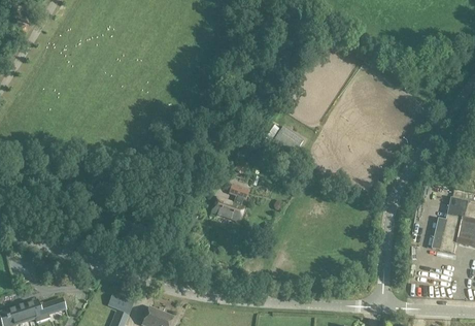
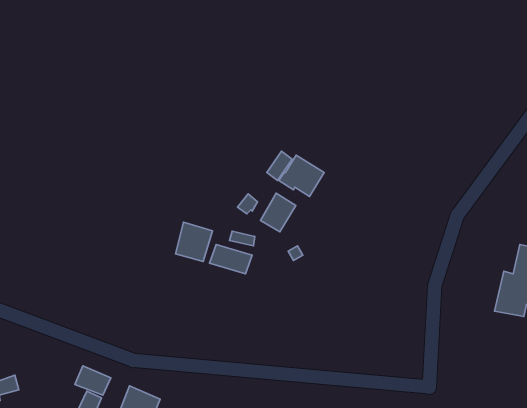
building: none -> [261,193,296,232]
building: none -> [176,222,212,262]

